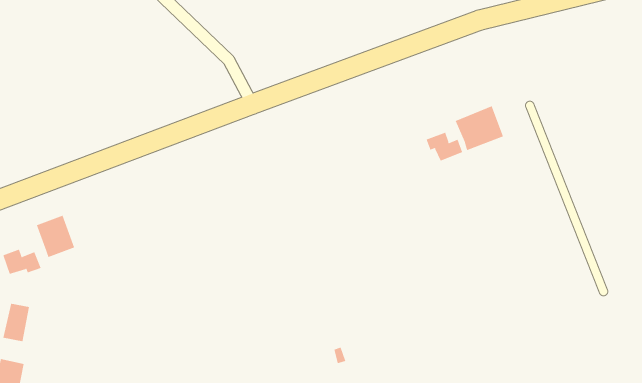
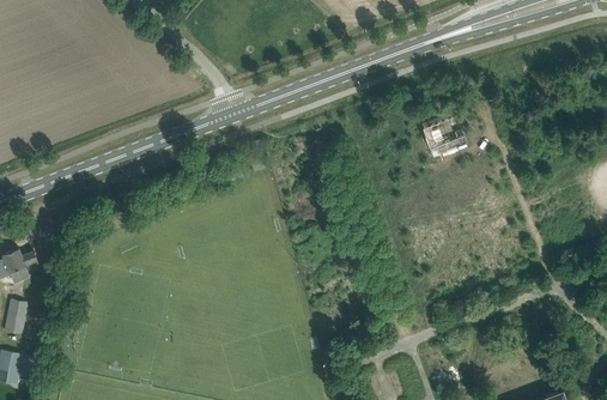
building: [426,132,463,161] -> none
building: [36,215,75,258] -> none

